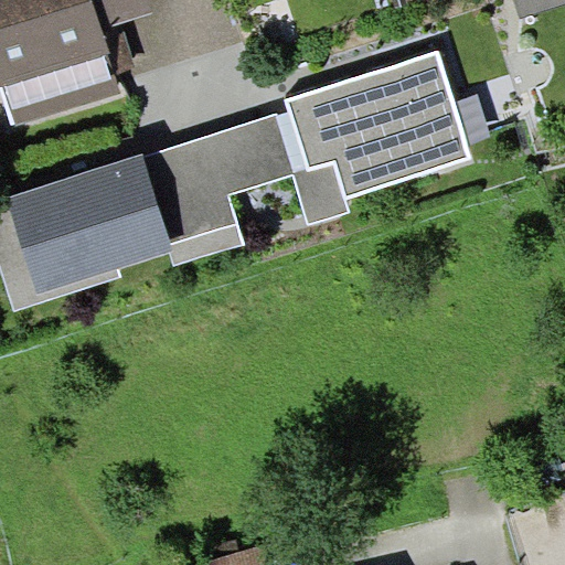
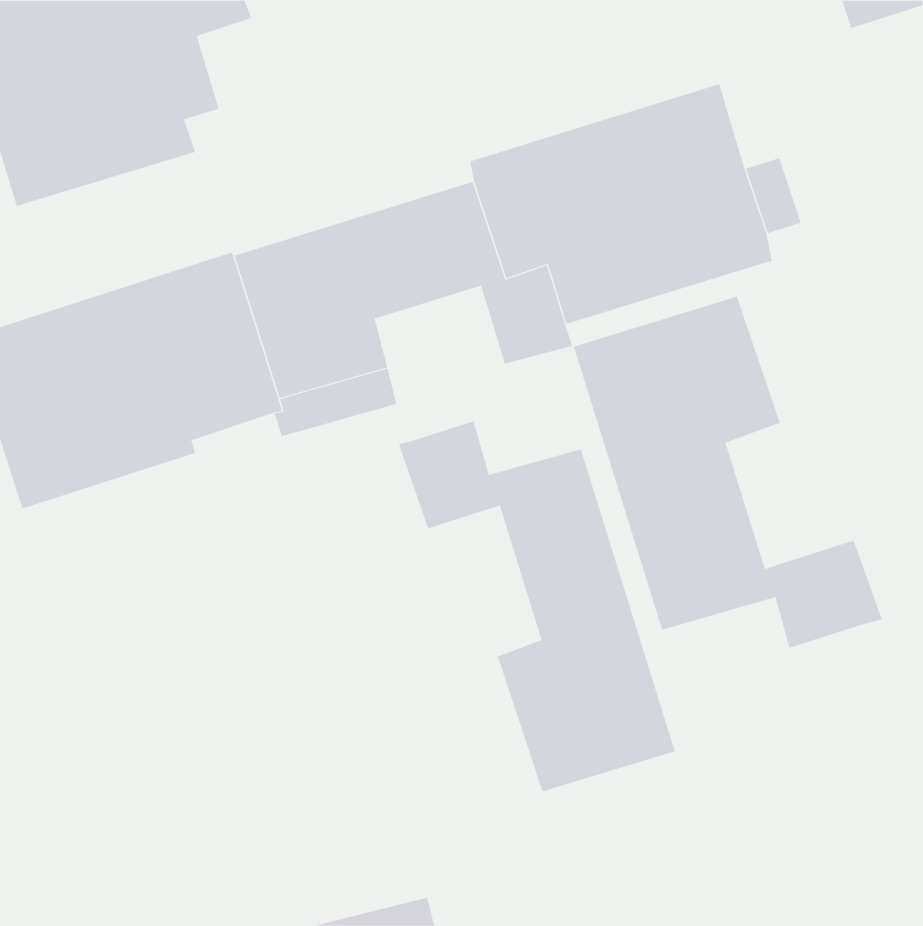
building: none -> [573,296,882,649]
building: none -> [398,420,675,792]

